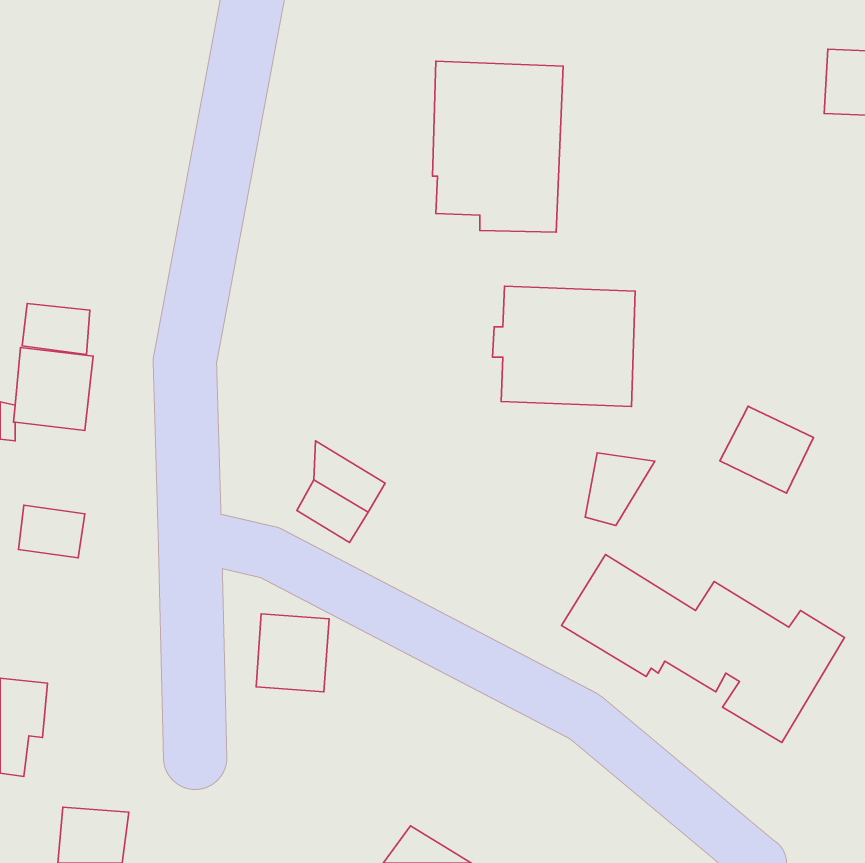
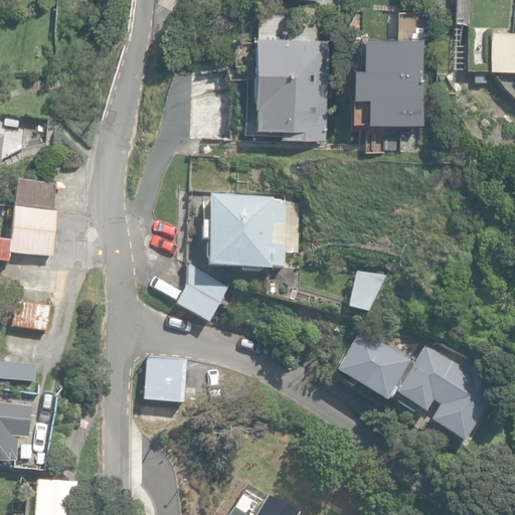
building: none -> [349,31,421,147]
building: [493,286,635,406] -> [201,197,286,269]
building: [720,406,813,493] -> none

